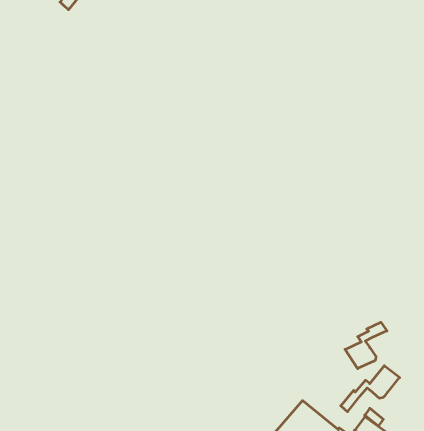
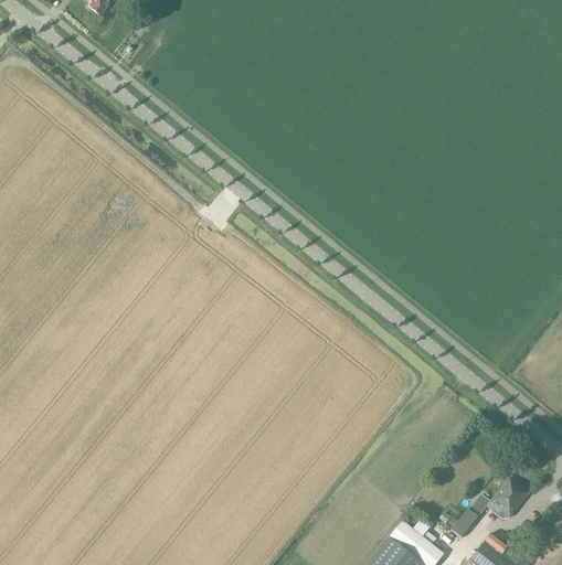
building: [345,322,387,369] -> none

